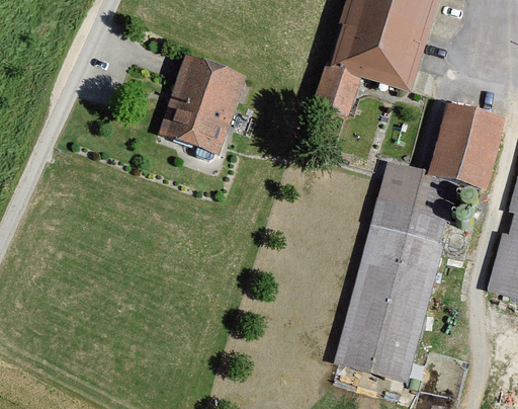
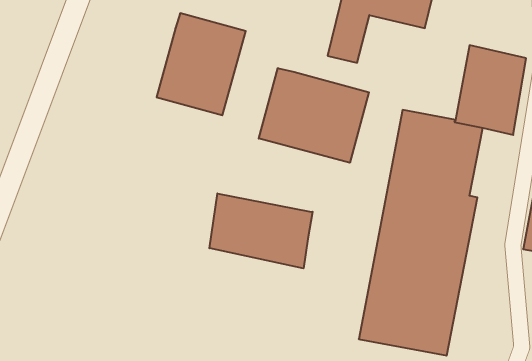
building: none -> [259,68,369,163]
building: none -> [209,193,313,268]

